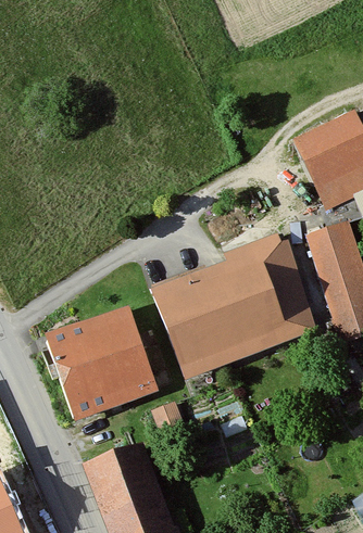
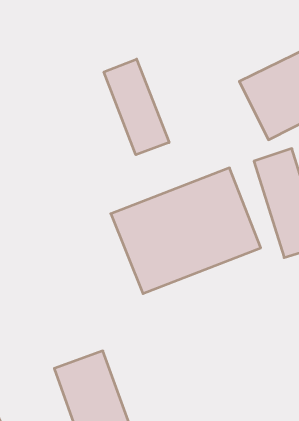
building: none -> [104,59,169,155]
building: [42,303,159,420] -> none

